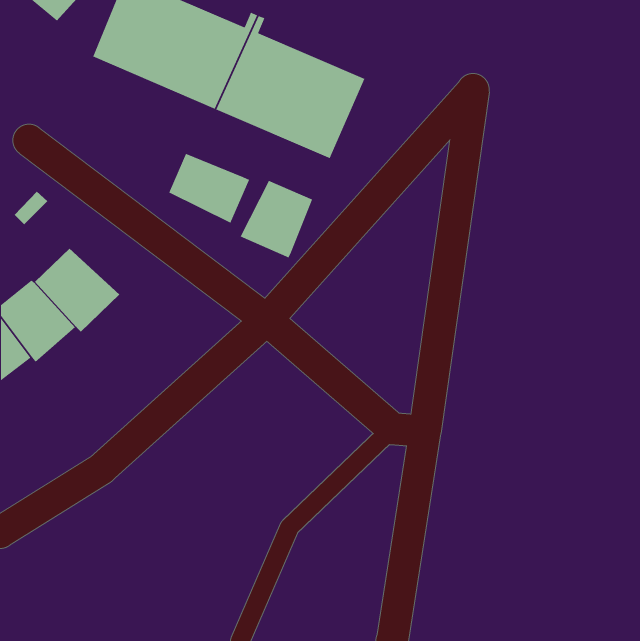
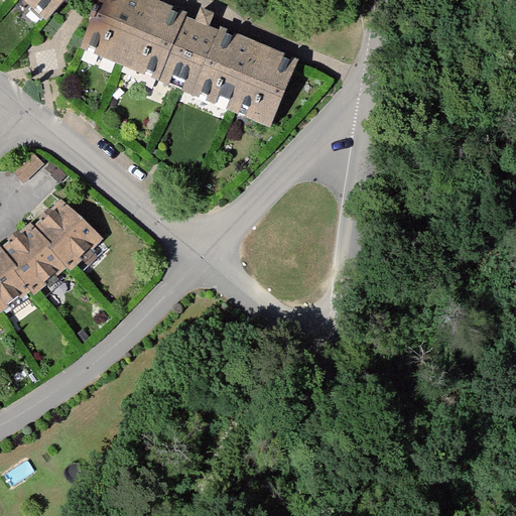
building: [168,153,250,224] -> none
building: [239,180,313,259] -> none

